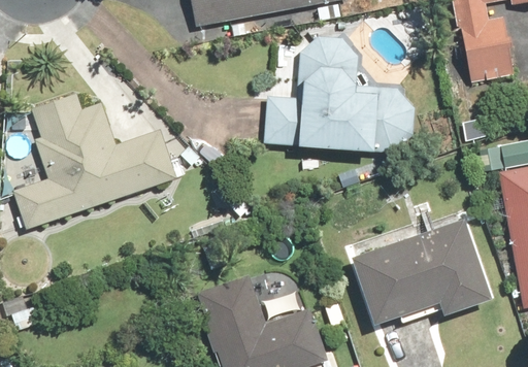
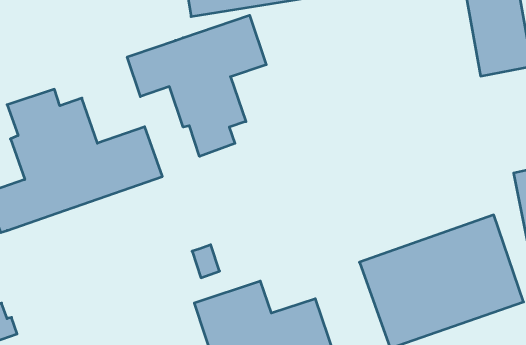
building: none -> [127,15,266,156]
building: [264,35,424,152] -> none

